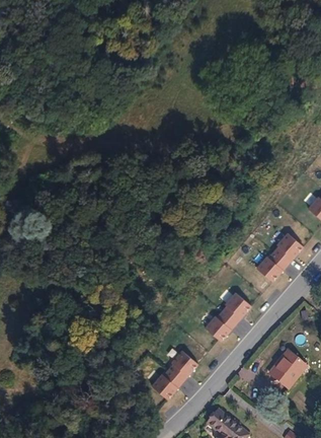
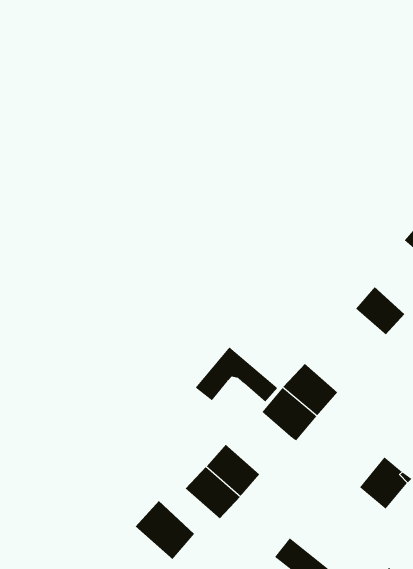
building: [251,244,288,280] -> none
building: none -> [195,346,278,402]
building: none -> [135,500,195,560]

